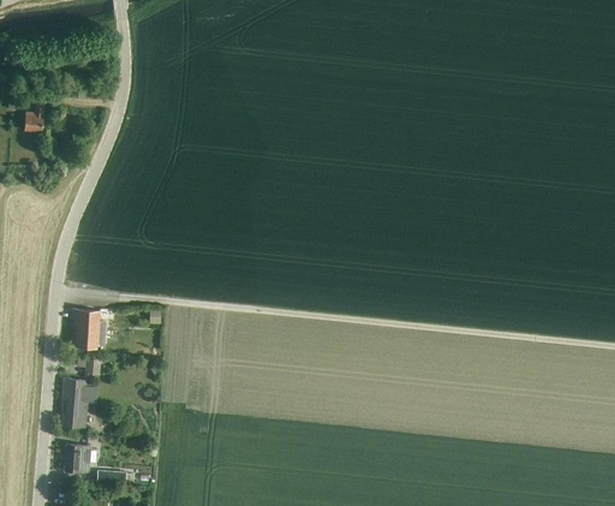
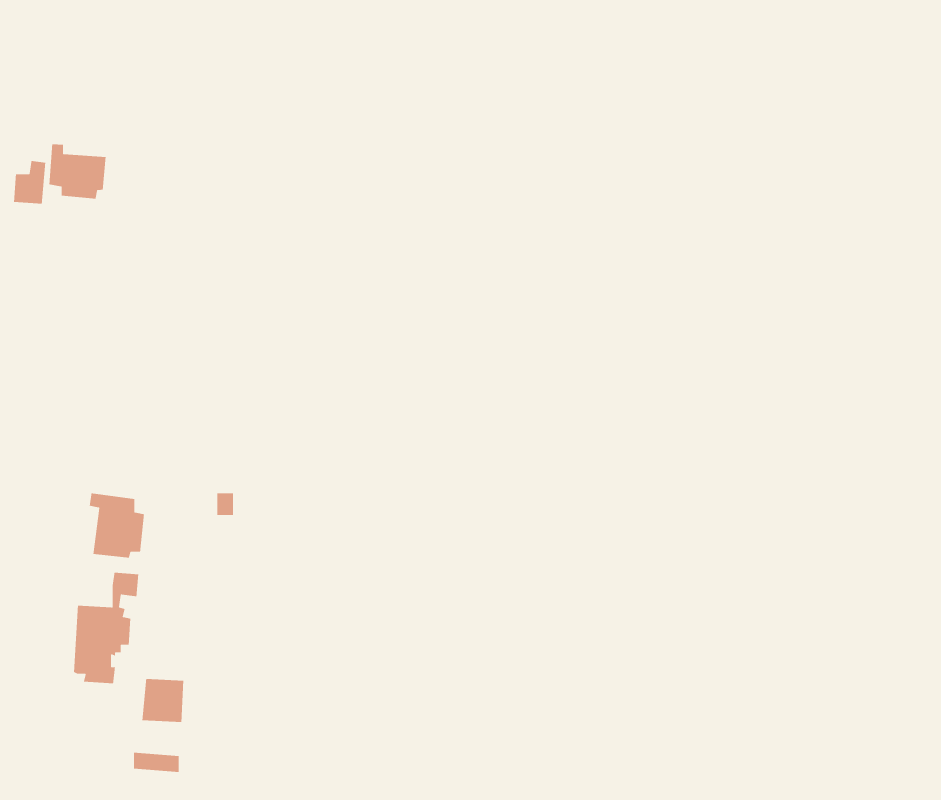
building: none -> [49,144,107,200]
building: [64,445,90,472] -> [142,678,184,723]

